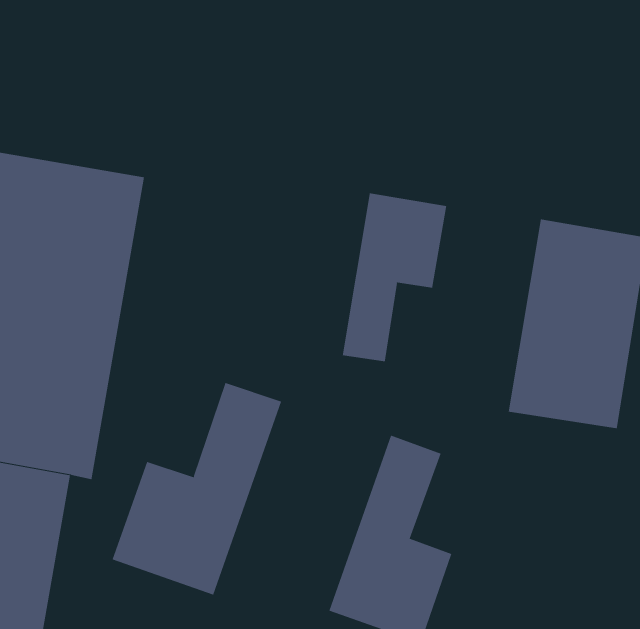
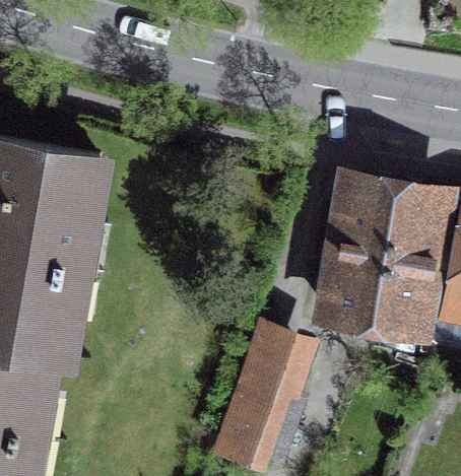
building: [342,193,447,362] -> none
building: [112,382,282,595] -> none

